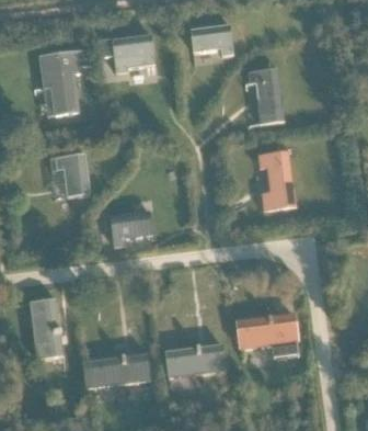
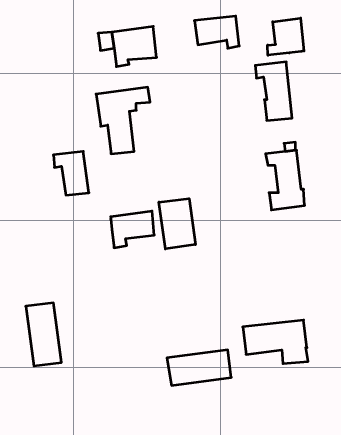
building: none -> [268,18,304,55]
building: [42,49,93,113] -> [96,87,150,154]
building: none -> [159,199,195,249]
building: [81,353,151,393] -> none

